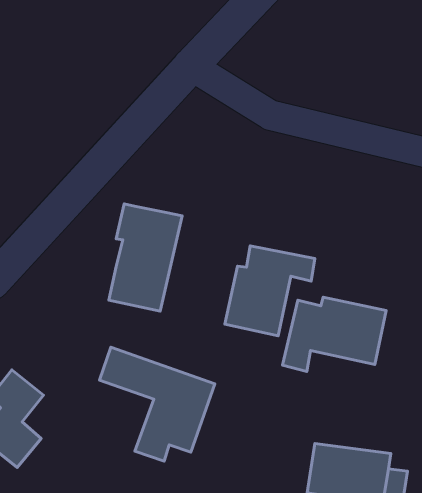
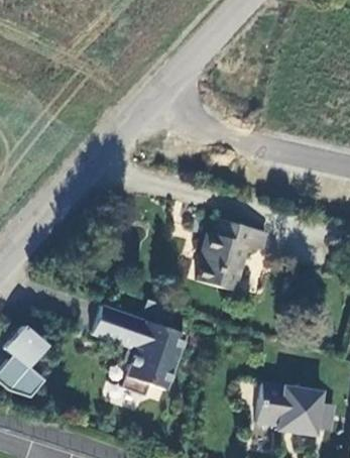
building: [109,204,182,311] -> none
building: [283,297,386,372] -> none

